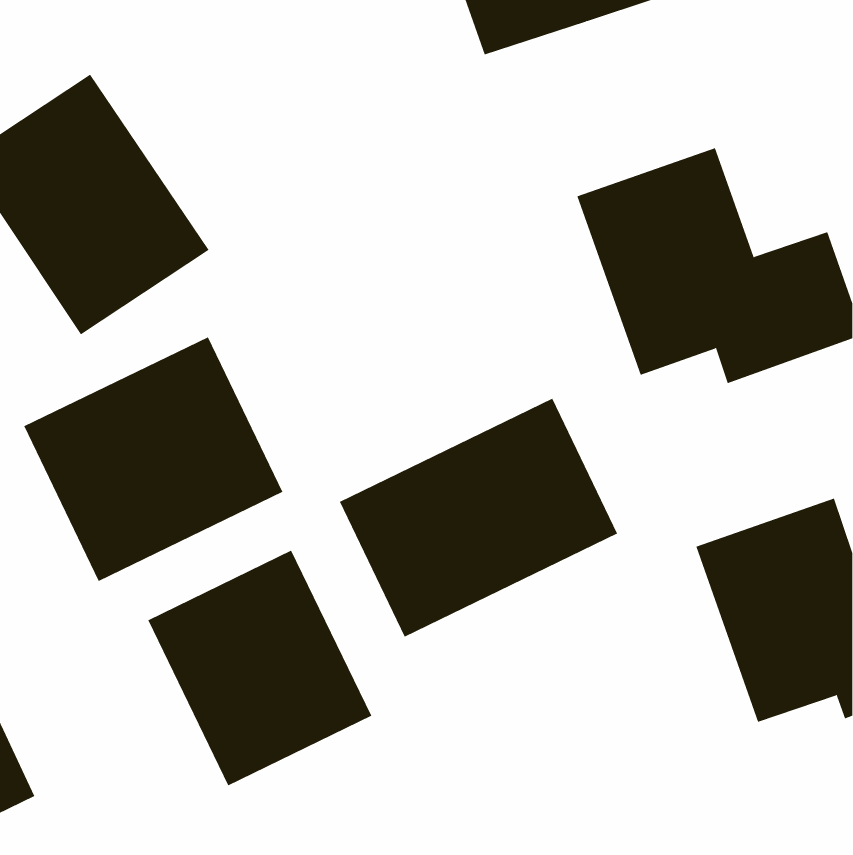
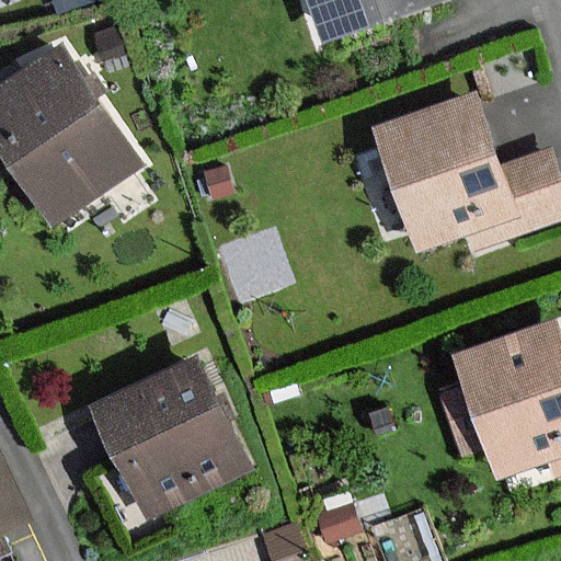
building: [24,336,283,582] -> none
building: [339,398,618,638] -> none

